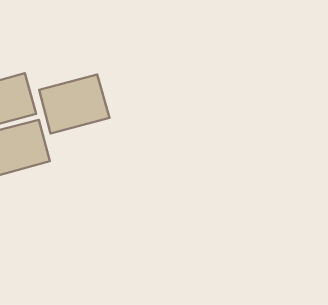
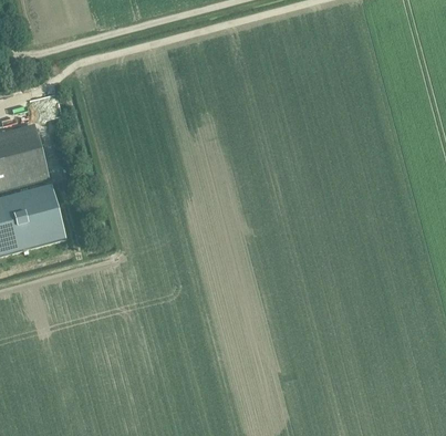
building: [39,75,109,134] -> none

